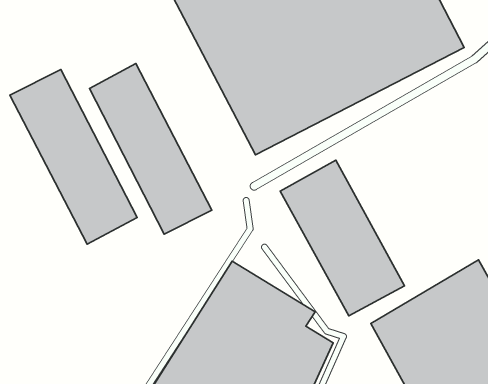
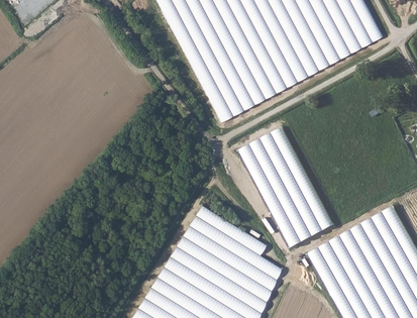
building: [89,64,212,234] -> none
building: [10,69,137,244] -> none

